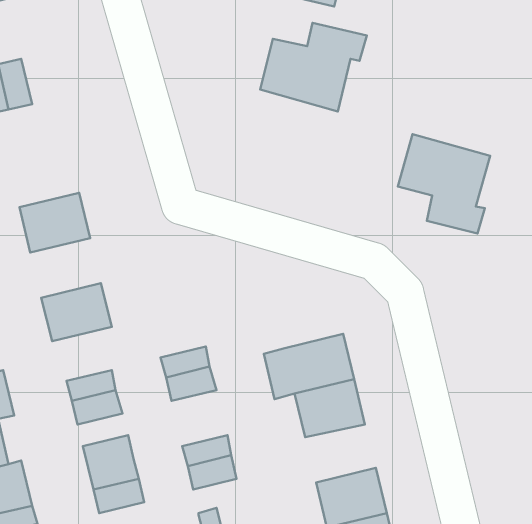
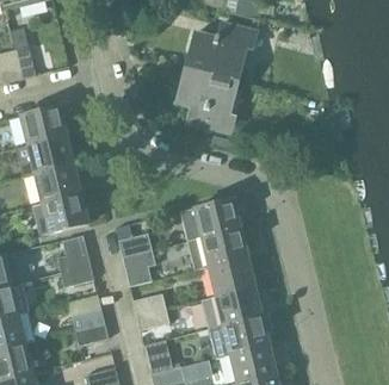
building: [398,134,490,234] -> [175,66,236,131]
building: none -> [19,105,66,143]
building: none -> [33,163,80,203]
building: none -> [194,198,240,236]
building: none -> [215,286,261,324]

